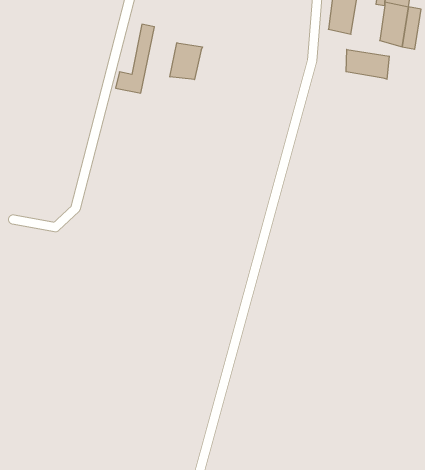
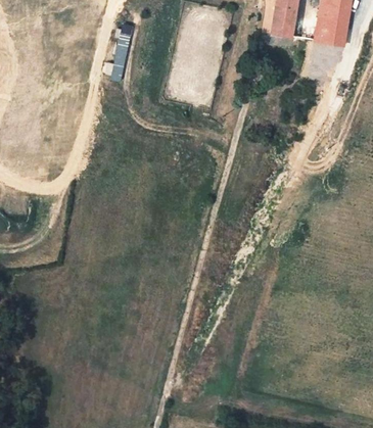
building: [170,43,202,80] -> none
building: [346,49,389,79] -> none

